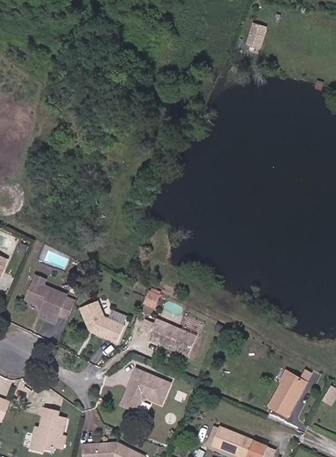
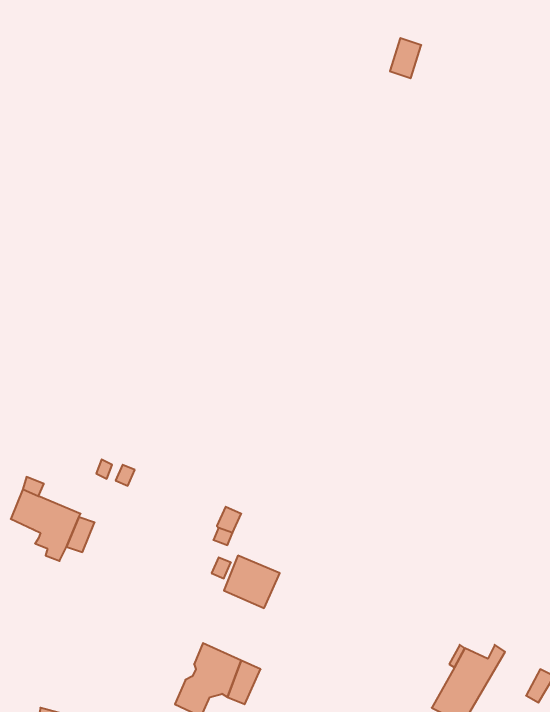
building: [81,300,124,341] -> none
building: [173,329,196,356] -> none

